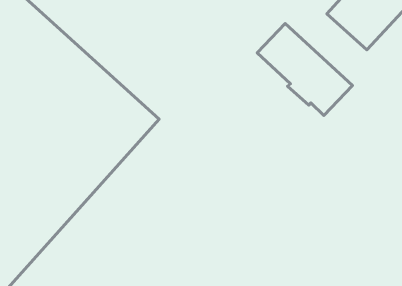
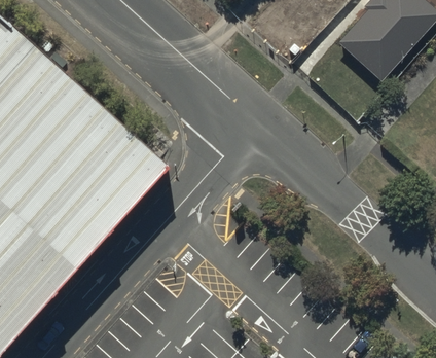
building: [257,24,353,116] -> none

